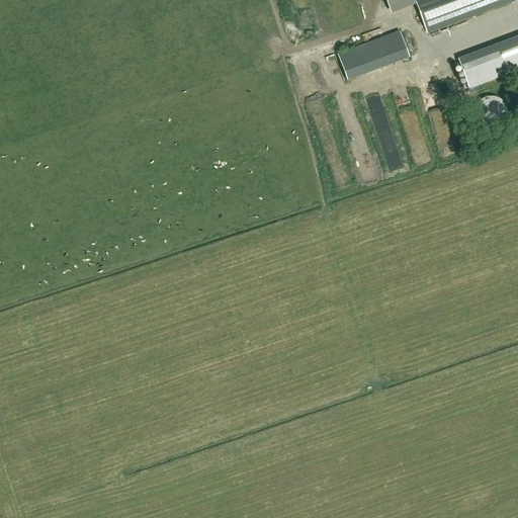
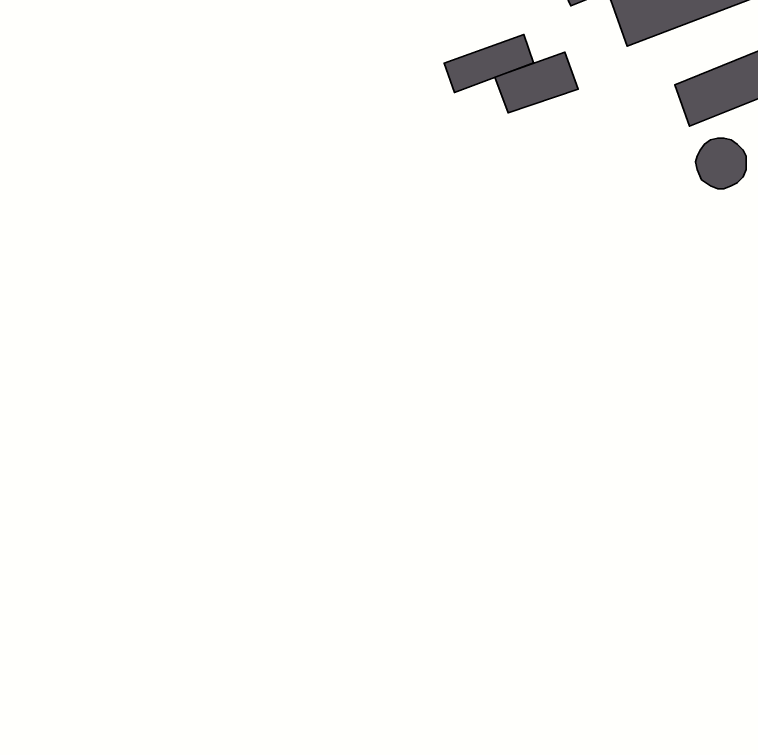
building: none -> [444,35,533,92]
building: [385,30,410,61] -> none

